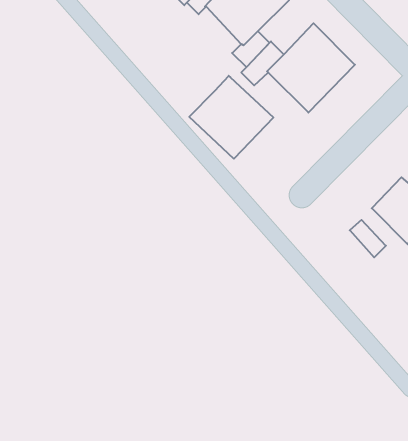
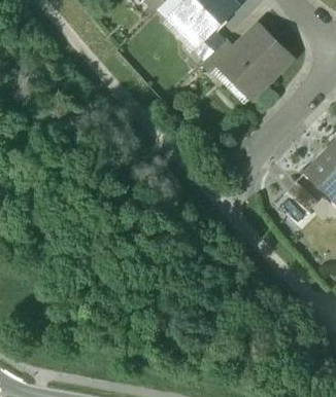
building: [189,76,273,159] -> none

